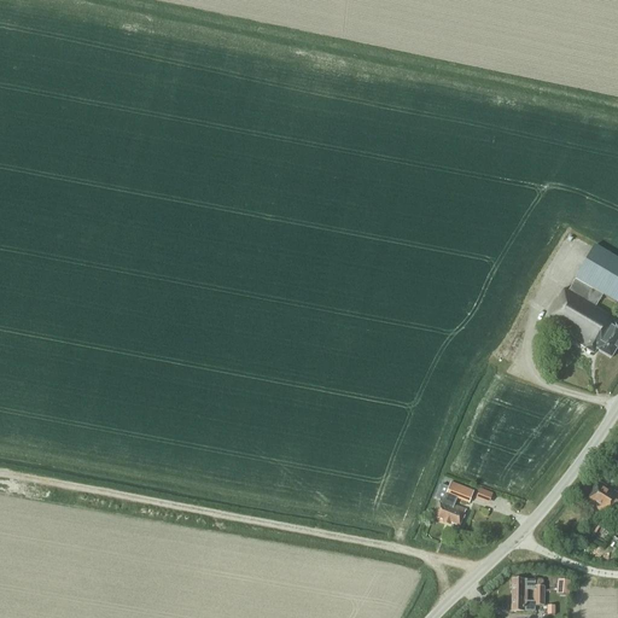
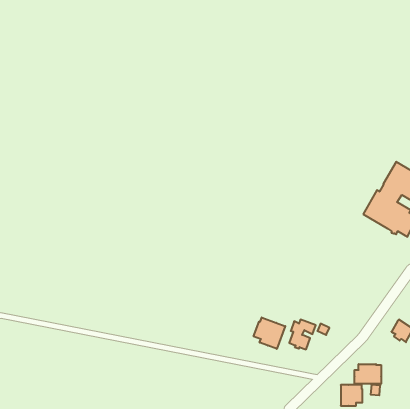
building: none -> [254,317,285,349]
building: none -> [355,364,381,384]

